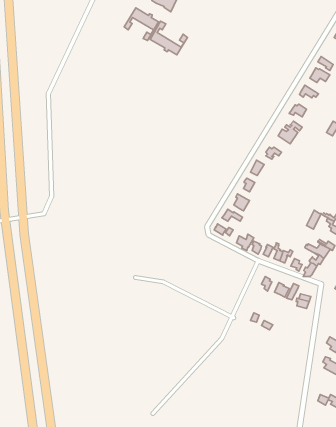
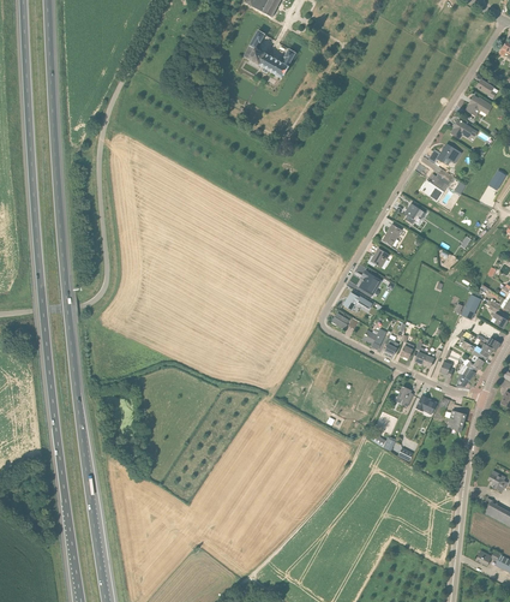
building: [124,8,159,40] -> none

